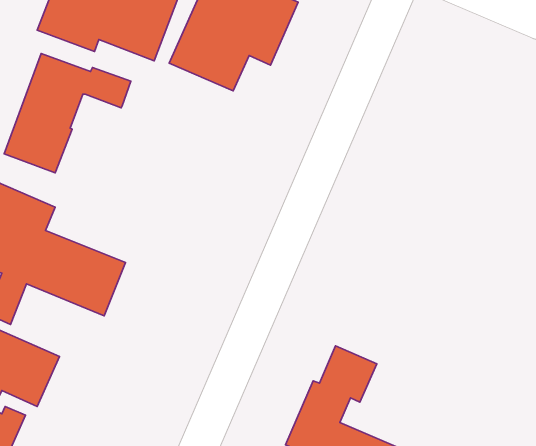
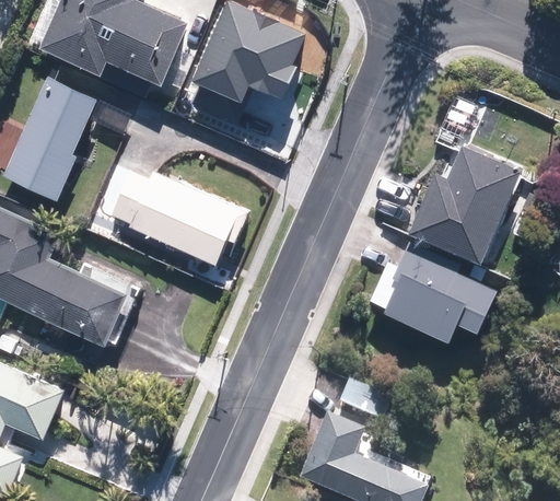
building: none -> [406,143,518,260]
building: none -> [110,162,249,266]
building: none -> [375,238,493,338]

